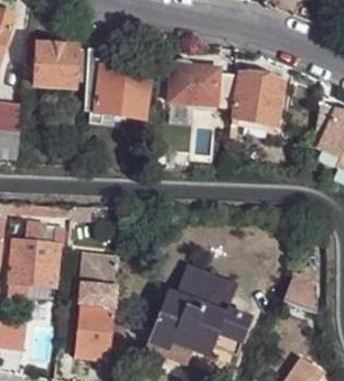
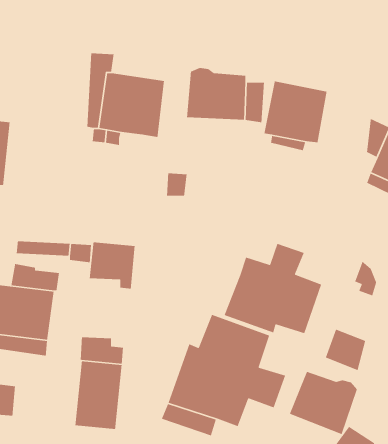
building: [33,43,77,87] -> none
building: none -> [224,243,322,334]
building: [80,251,119,291] -> [89,241,135,289]
building: none -> [289,371,358,435]

